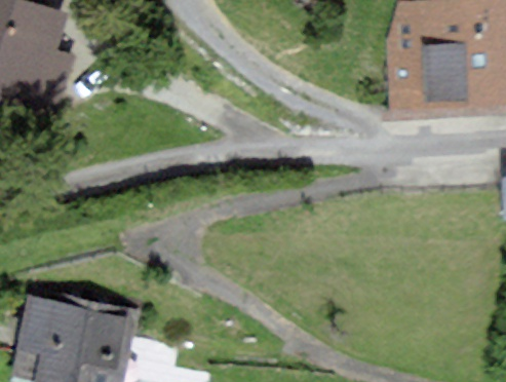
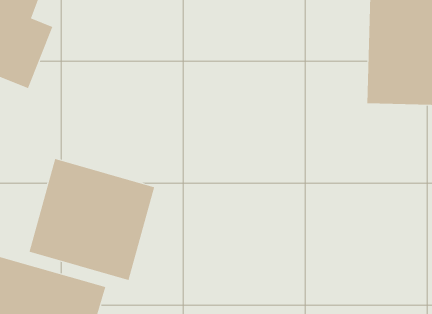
building: none -> [29,158,155,281]

